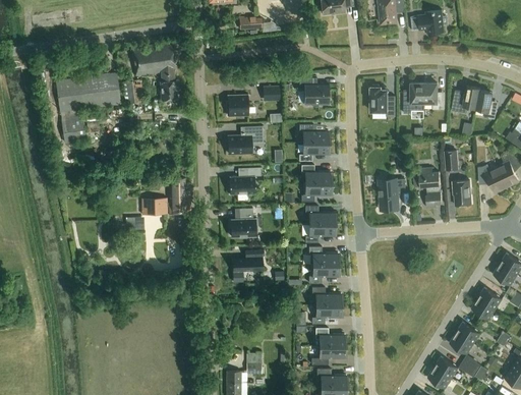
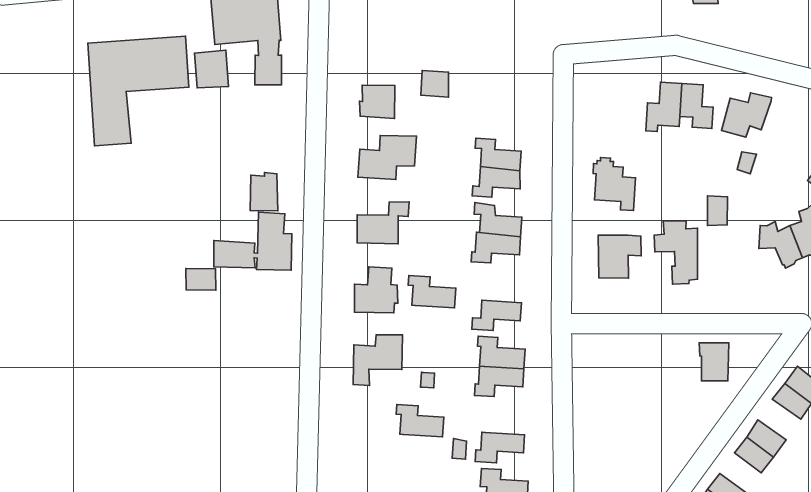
building: [299,77,329,106] -> none
building: [368,84,395,116] -> [593,157,636,211]
building: [475,90,498,119] -> none
building: none -> [250,173,278,211]
building: [452,180,471,205] -> [699,343,729,381]
building: [304,206,334,224] -> [408,275,456,308]
building: [311,287,341,305] -> [396,404,444,437]

